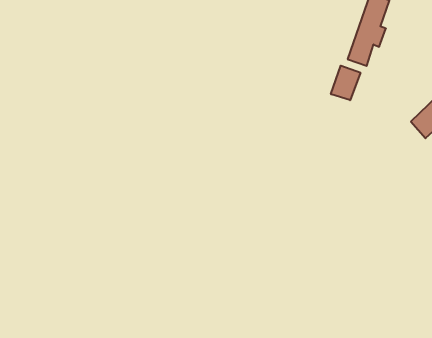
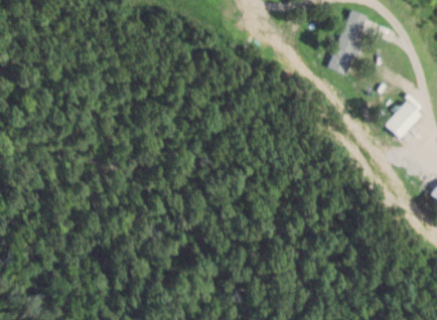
building: [331,66,360,100] -> none

